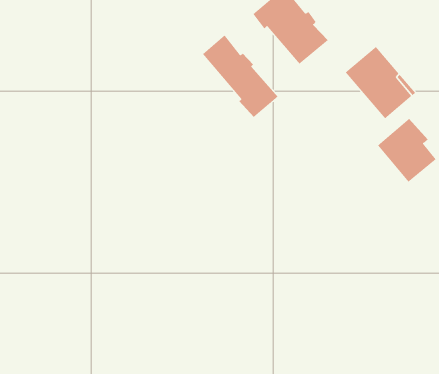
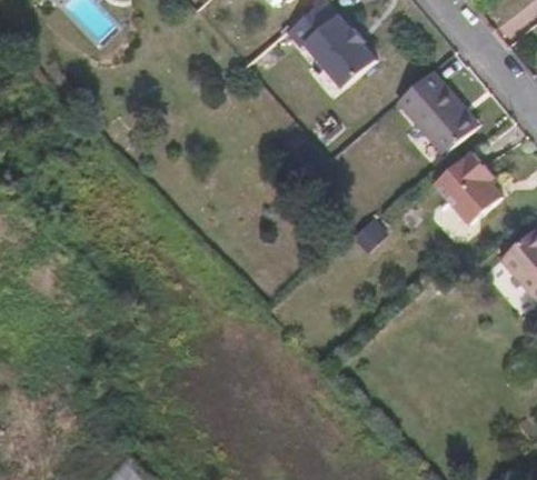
building: [202,35,279,118] -> none

